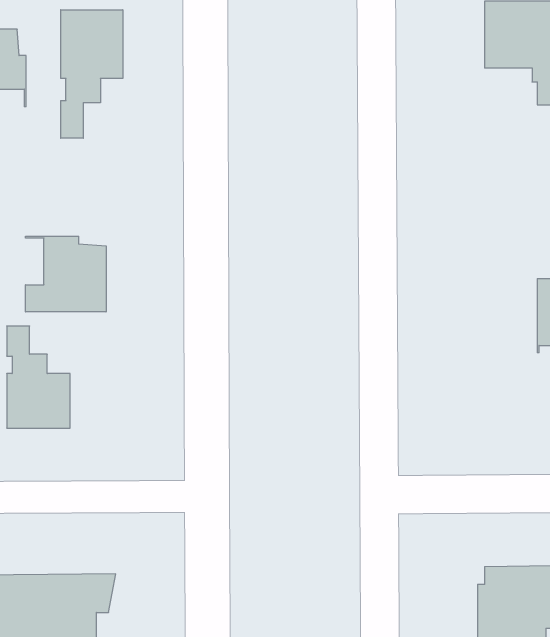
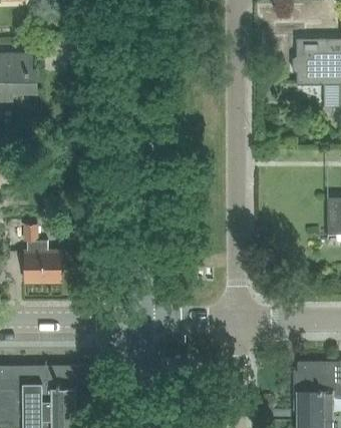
building: [61,10,123,138] -> none
building: [26,236,106,312] -> none

